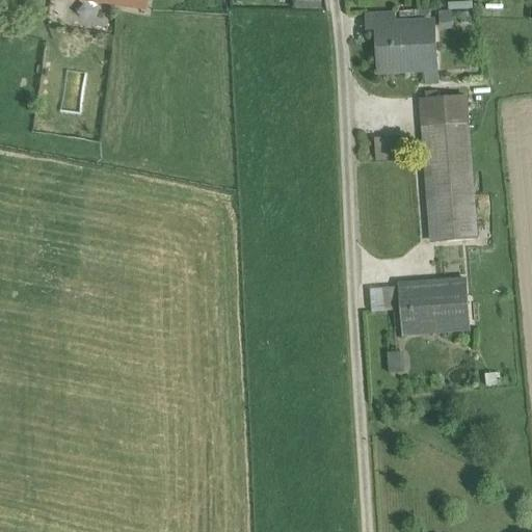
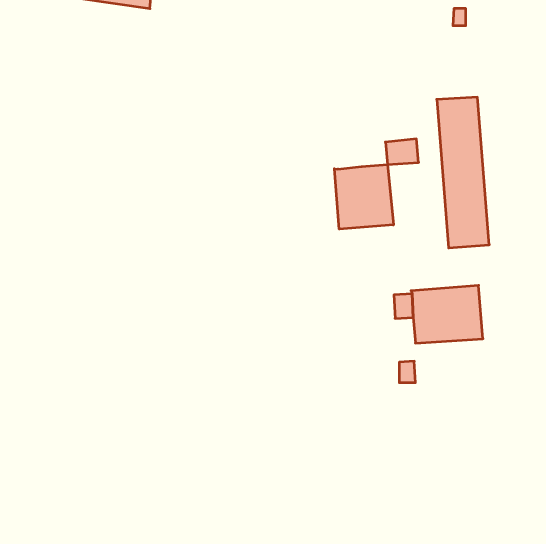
building: [366,10,436,81] -> none
building: none -> [334,165,393,229]

